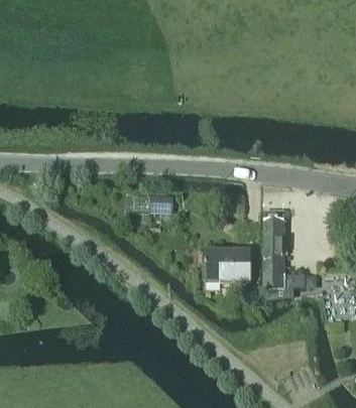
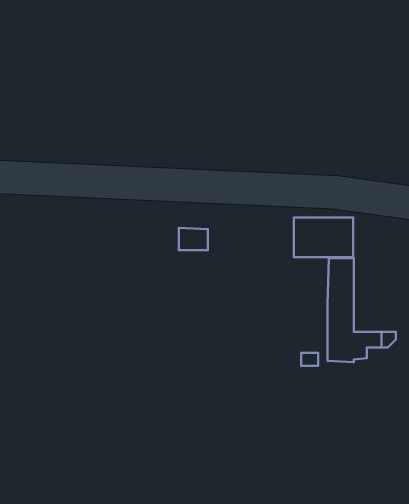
building: [205,250,250,280] -> [294,218,353,257]

